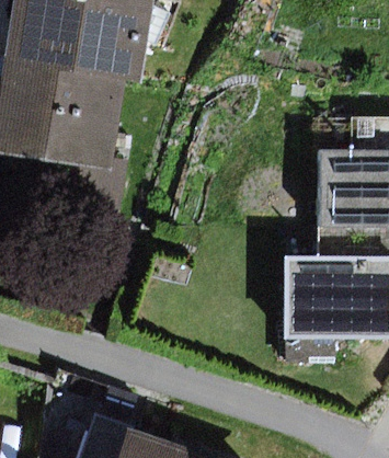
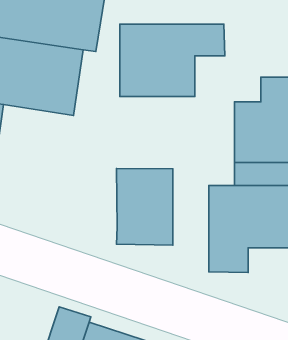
building: none -> [120,24,225,97]
building: none -> [116,169,173,245]

